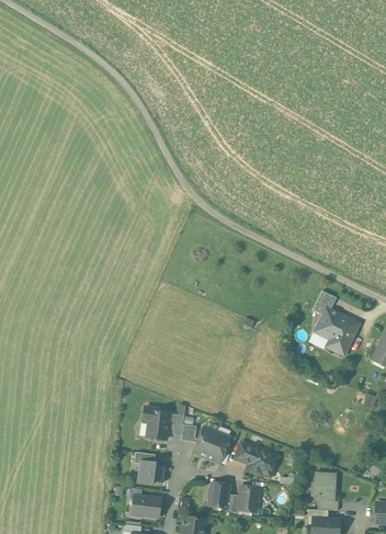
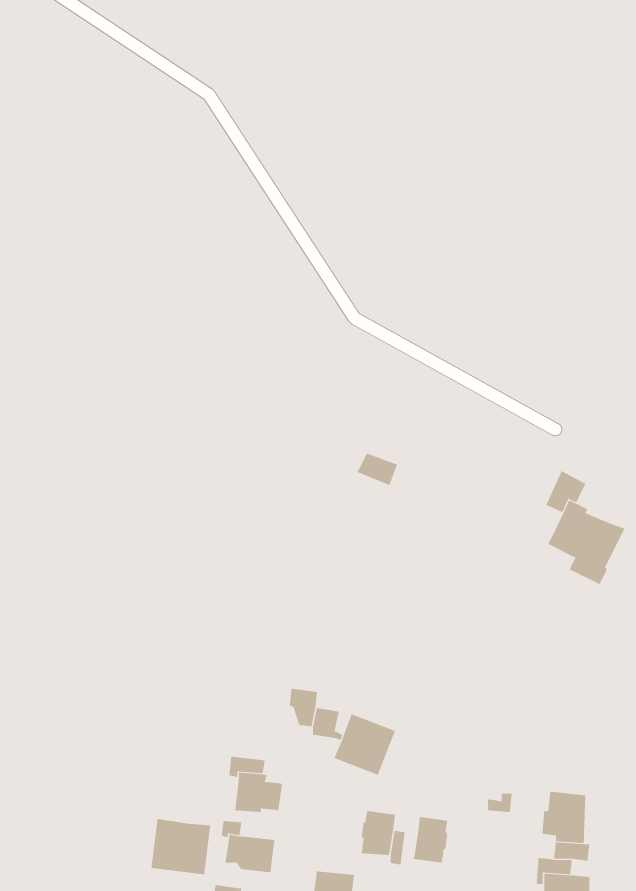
building: [143,408,169,440] -> none
building: [235,443,276,475] -> none
building: none -> [151,818,211,875]

